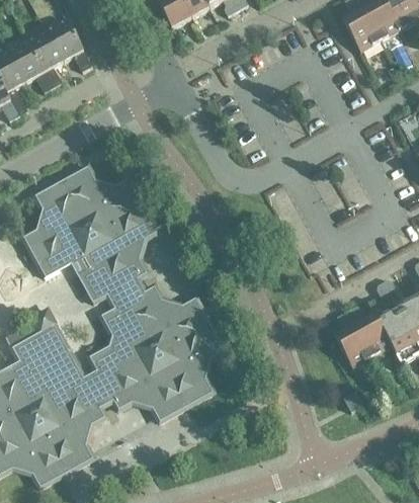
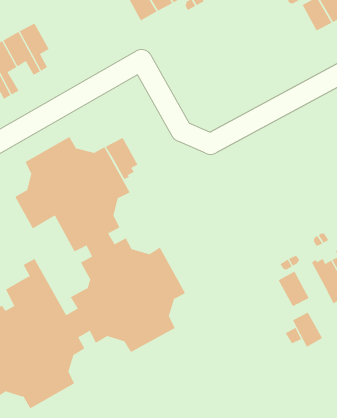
building: [343,8,381,51] -> none
building: [47,18,92,71] -> none
building: none -> [105,137,138,180]
building: [355,314,392,356] -> [292,312,323,348]

